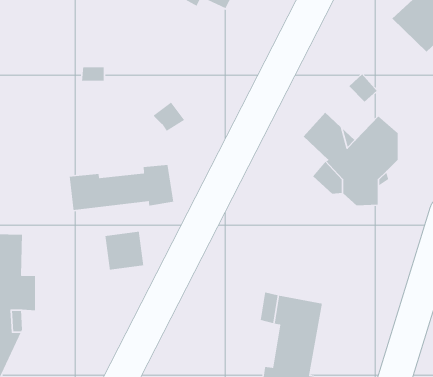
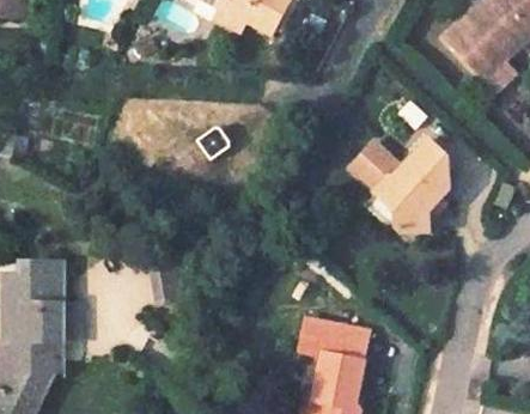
building: [69,164,174,211] -> none

